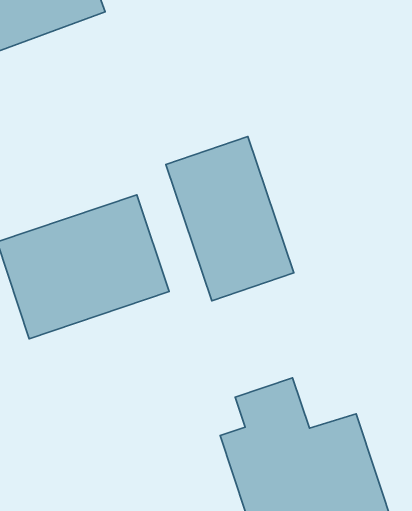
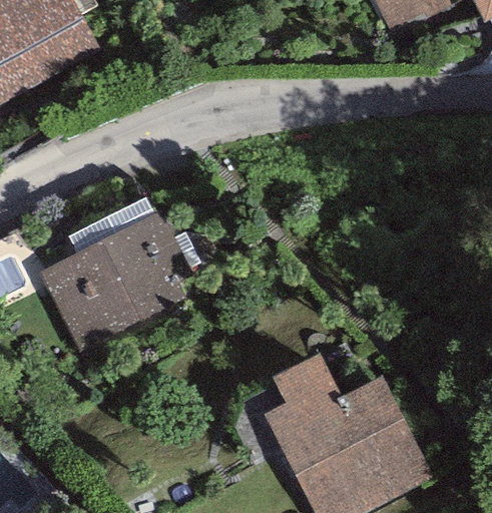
building: [166,137,294,301] -> none

